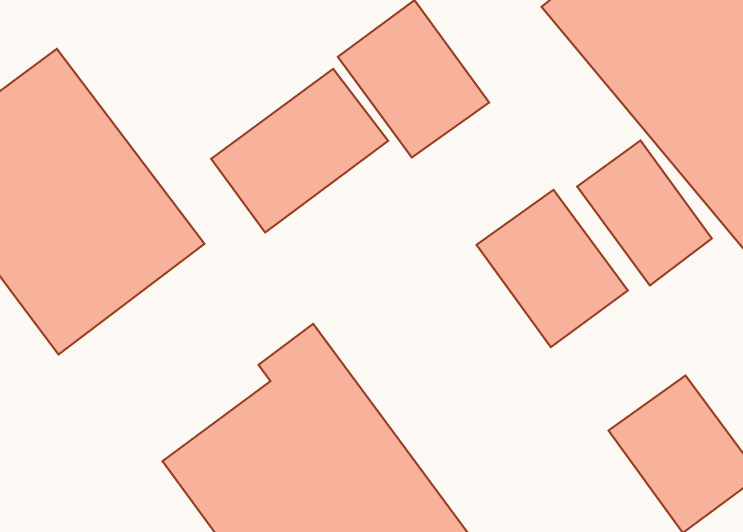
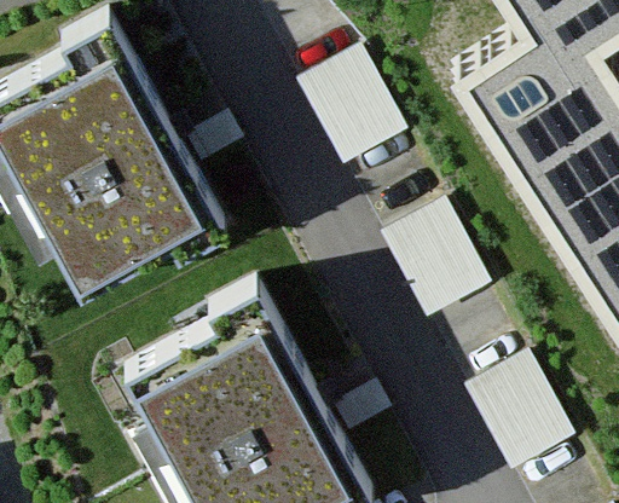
building: [211,69,388,232] -> none
building: [577,140,712,285] -> none

